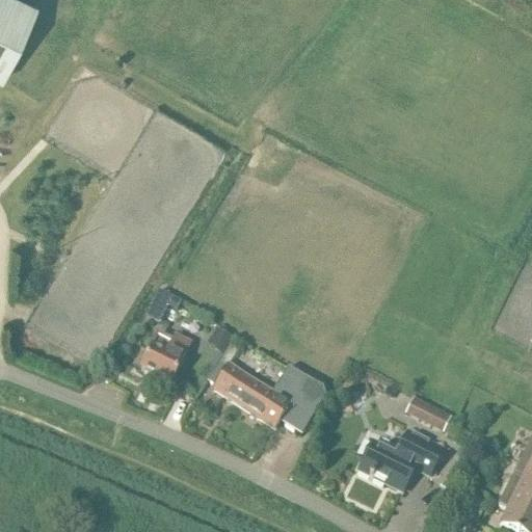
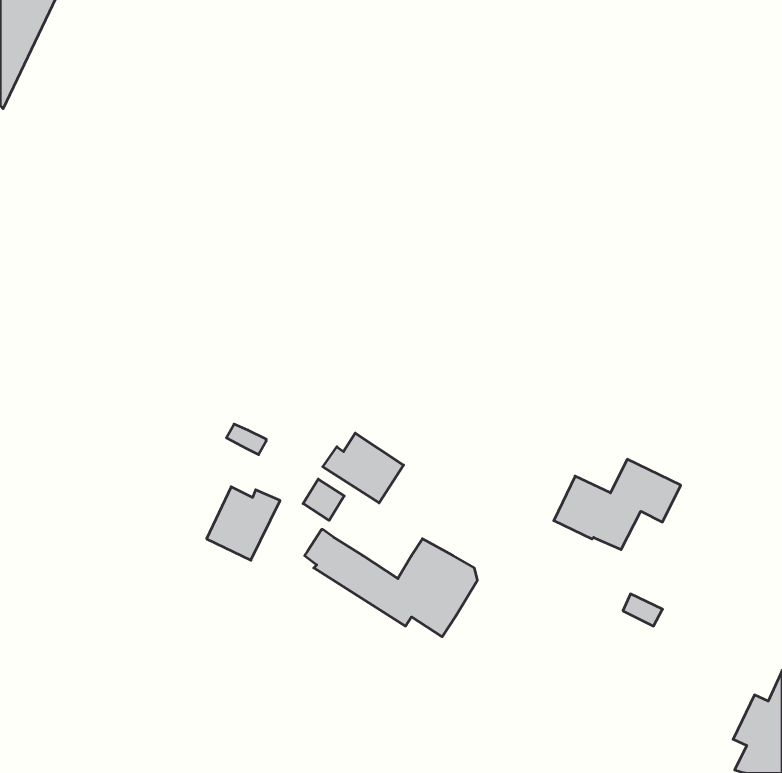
building: none -> [323,433,404,503]
building: [357,427,444,488] -> [554,459,681,550]

